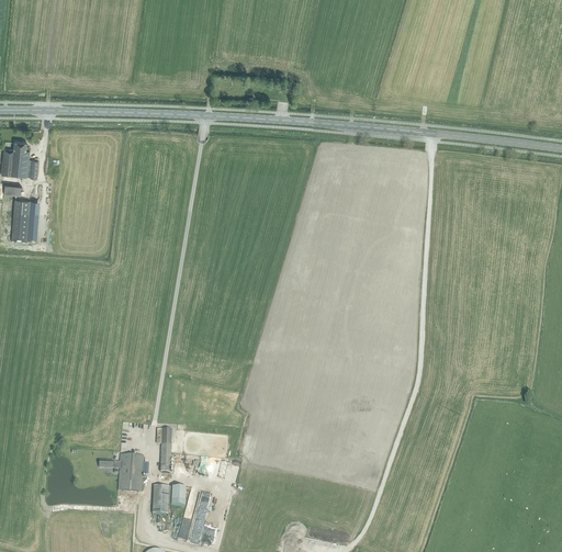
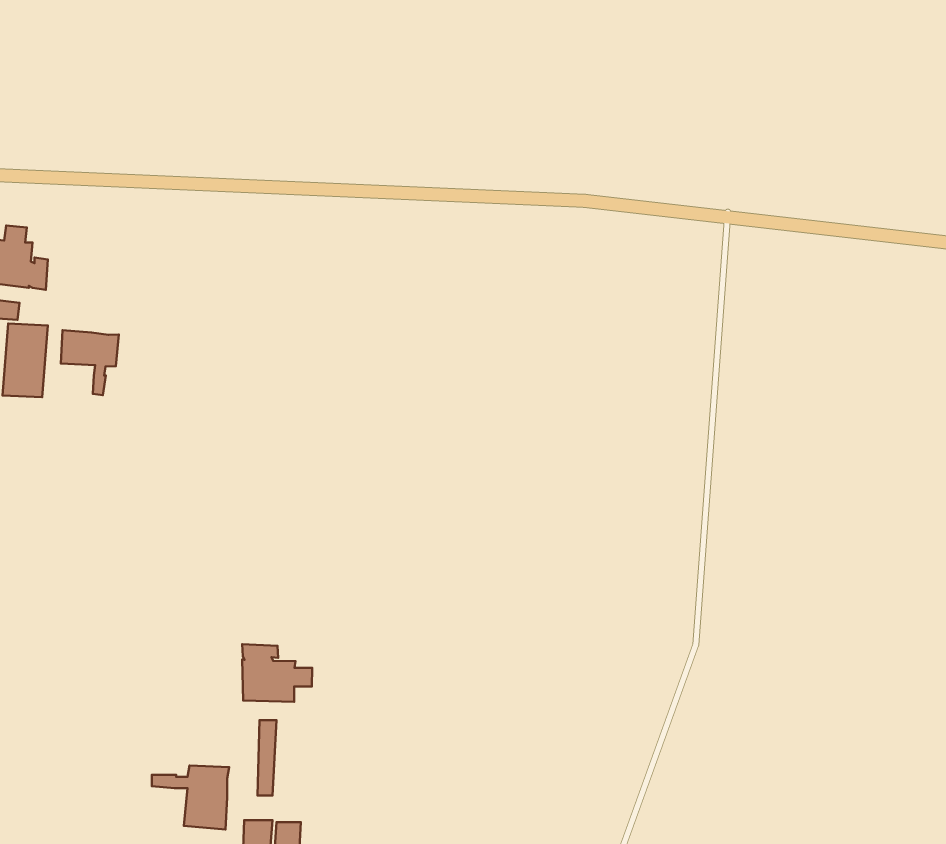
building: none -> [61,330,119,395]
building: none -> [242,644,312,702]

